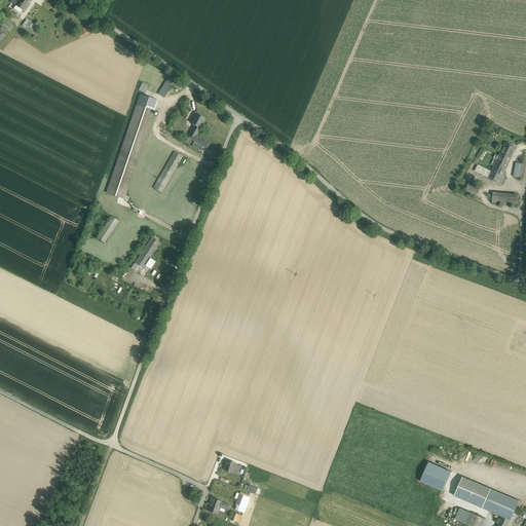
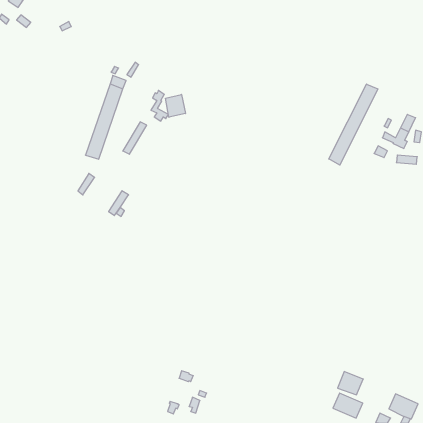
building: none -> [329,84,378,165]
building: none -> [166,94,185,117]
building: [453,476,490,506] -> [333,393,363,418]

